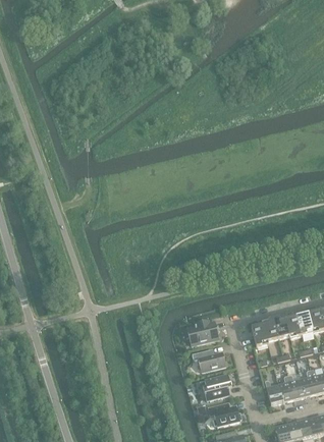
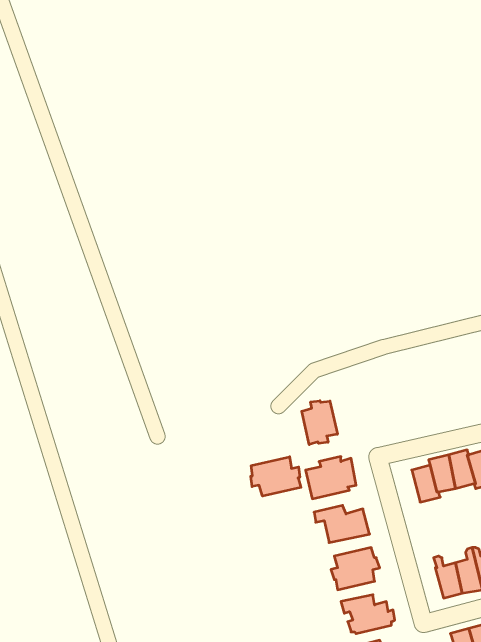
building: none -> [302,401,337,445]
building: none -> [251,457,301,496]

